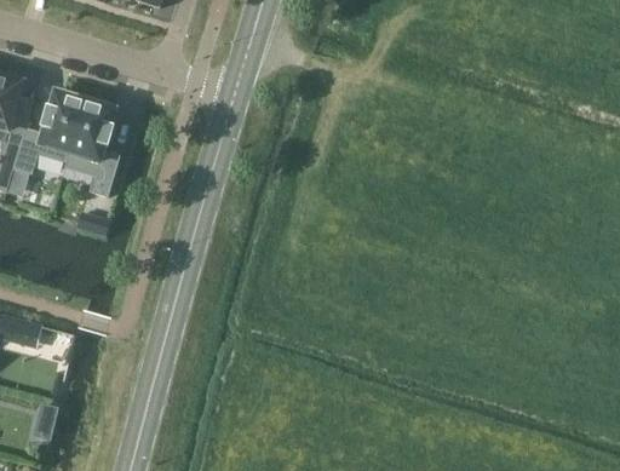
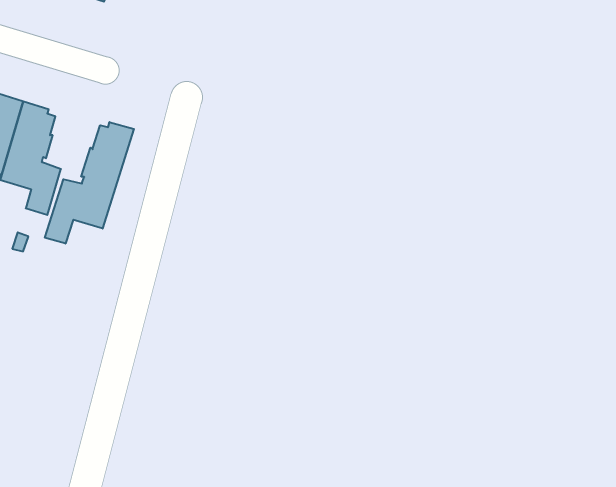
building: none -> [45,122,134,244]

